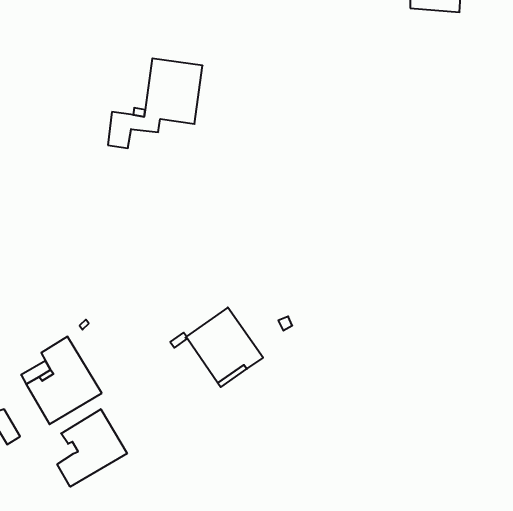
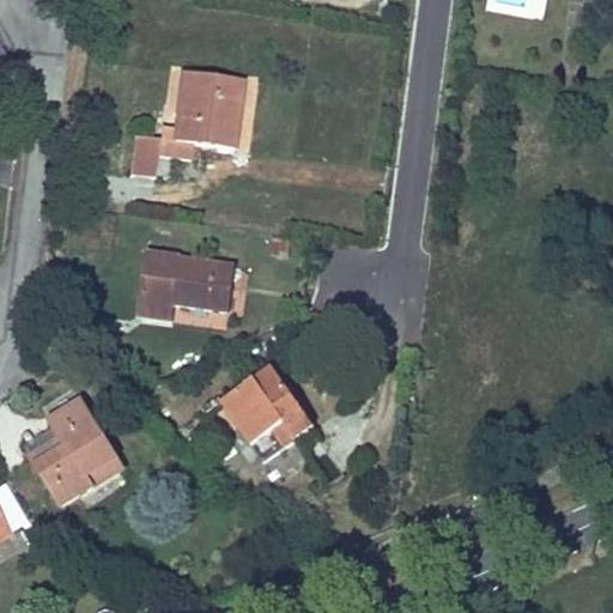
building: none -> [139,250,233,318]
building: [57,409,127,487] -> none

